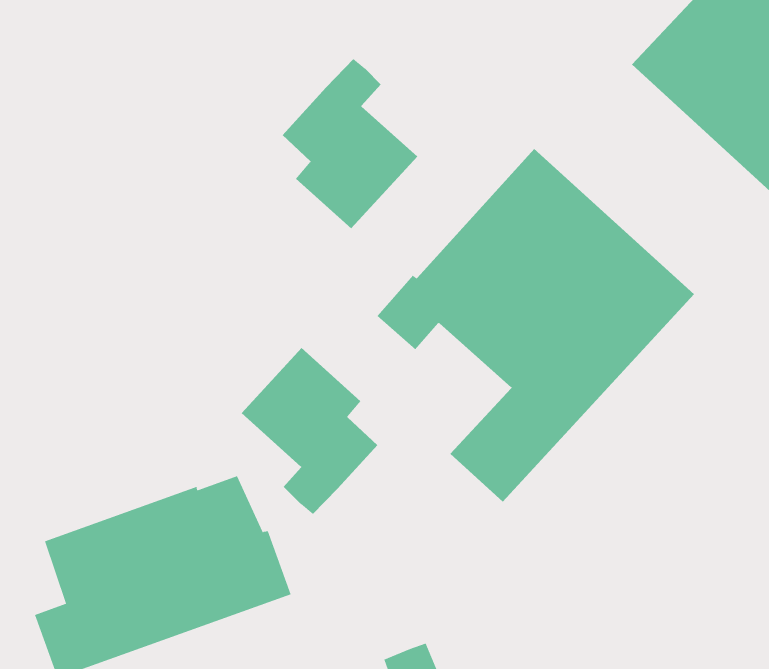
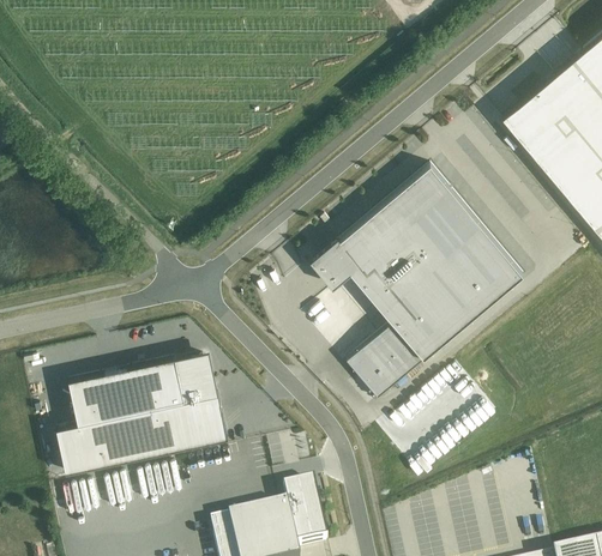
building: [282,58,418,229] -> none
building: [241,347,378,515] -> none

